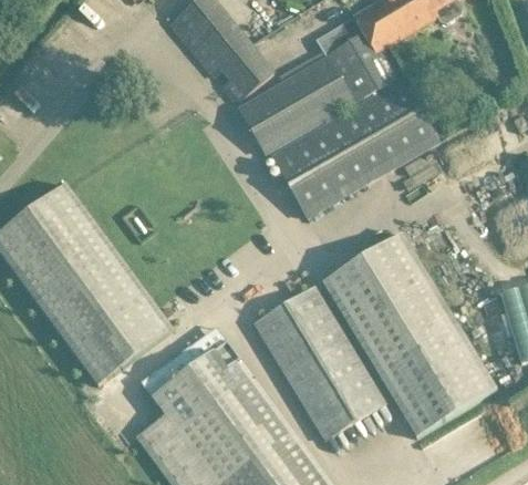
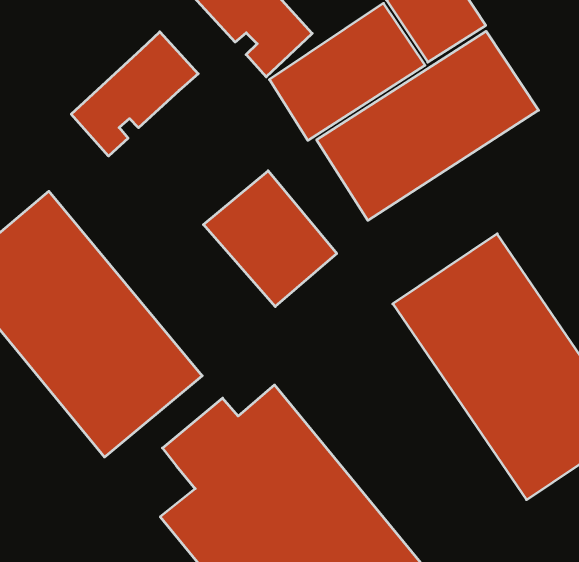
building: none -> [71,32,198,156]
building: none -> [203,171,337,307]
building: [251,285,386,440] -> none

